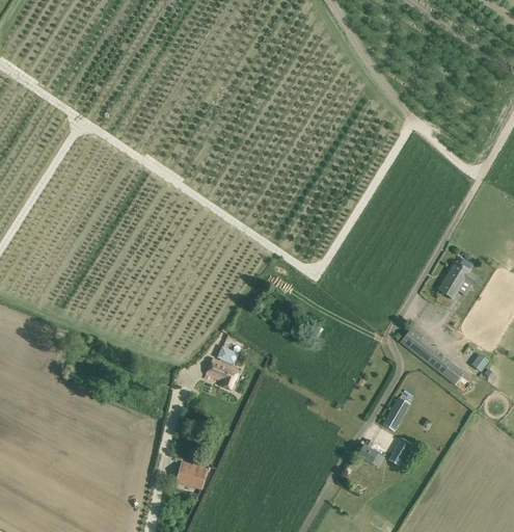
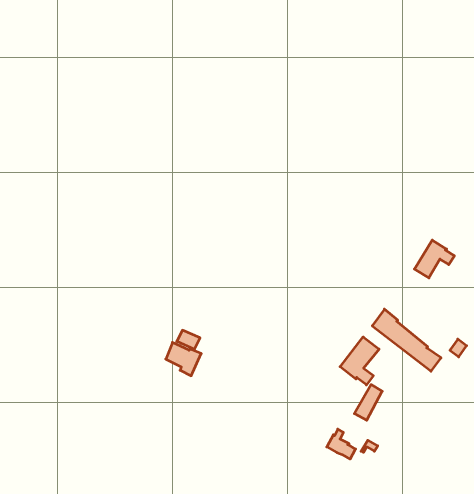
building: none -> [340,337,379,385]
building: [177,464,206,487] -> none

